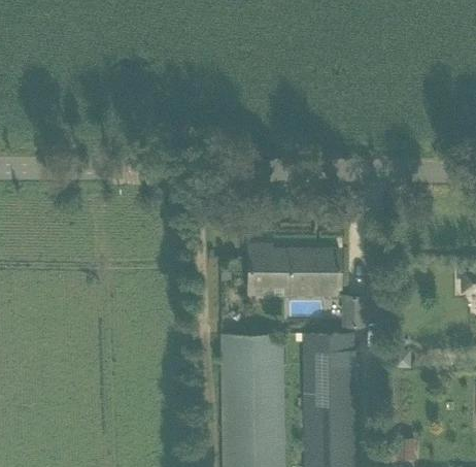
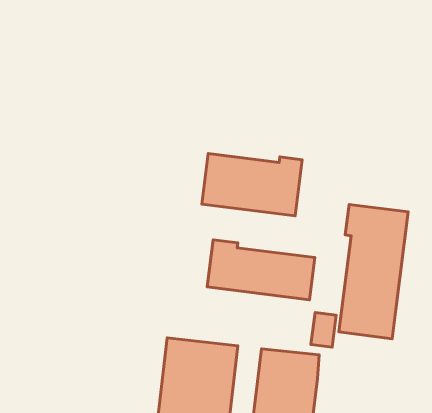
building: none -> [202,153,302,216]
building: none -> [339,204,408,339]

